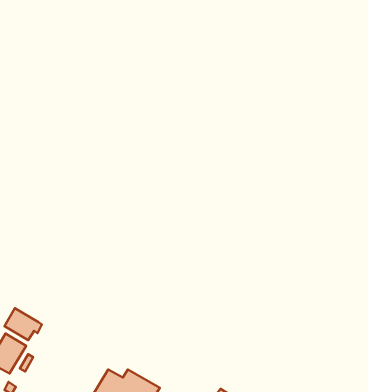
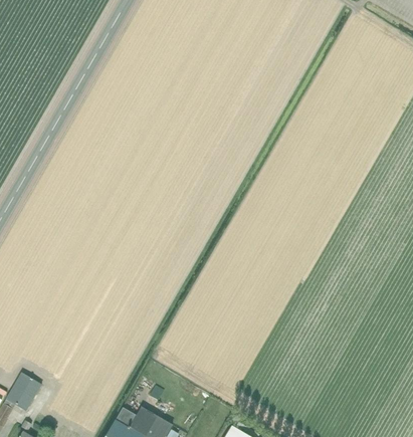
building: [4,308,42,340] -> none

